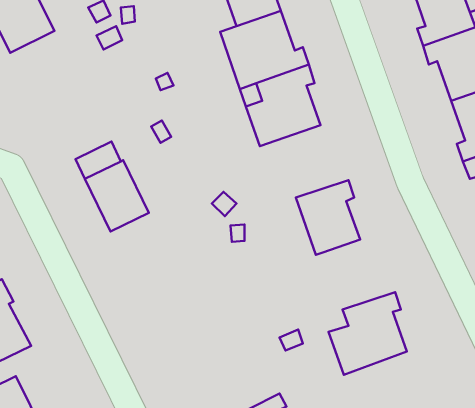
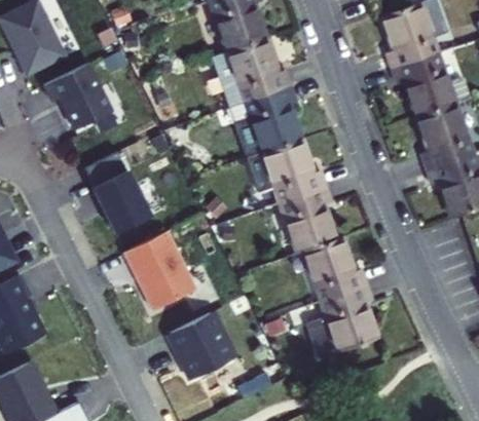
building: none -> [45,64,113,129]
building: none -> [262,140,326,203]
building: none -> [125,231,196,310]
building: none -> [303,238,367,302]
building: none -> [169,312,234,380]

